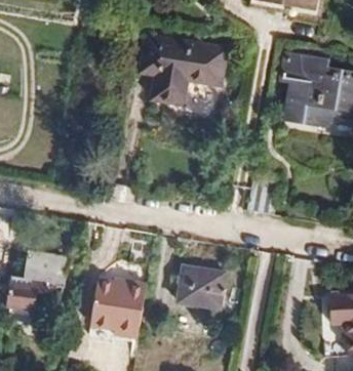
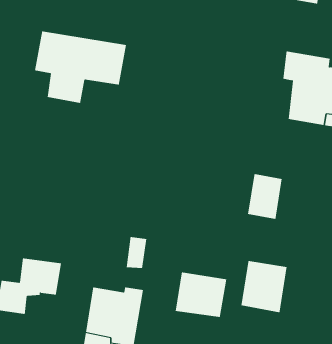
building: [139,34,228,104] -> [34,31,127,103]
building: none -> [241,260,287,313]

